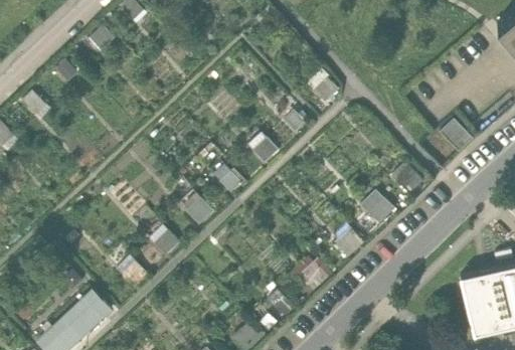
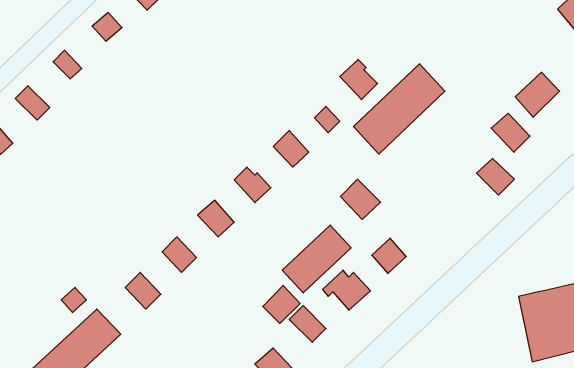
building: none -> [353,64,445,154]
building: none -> [515,72,560,117]
building: [389,160,422,192] -> [477,158,514,195]
building: [359,188,394,223] -> [340,179,381,219]
building: none -> [282,225,351,293]
building: none -> [263,285,300,323]

